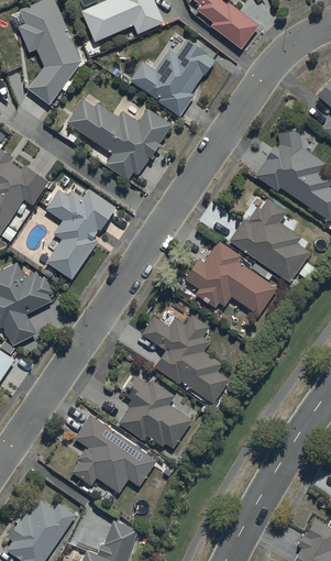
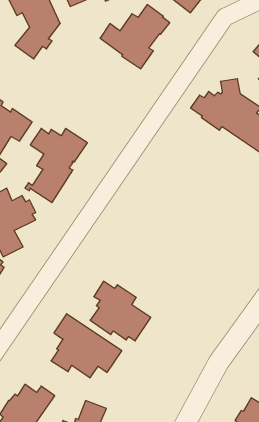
building: [68,99,173,179] -> none
building: [229,198,315,282] -> none
building: [185,240,277,315] -> none
building: [142,315,230,403] -> none

